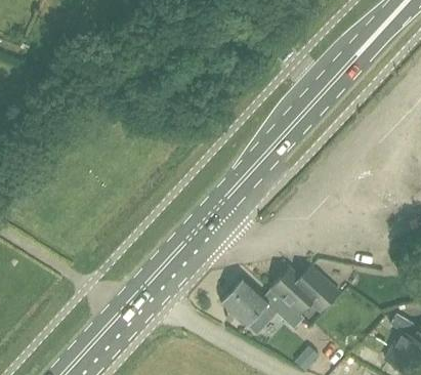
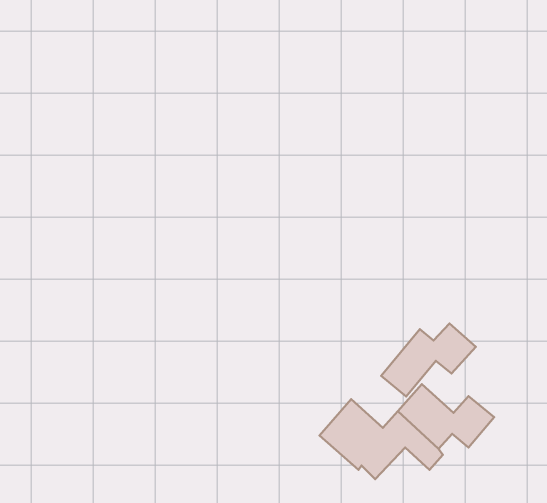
building: none -> [381,323,476,397]

